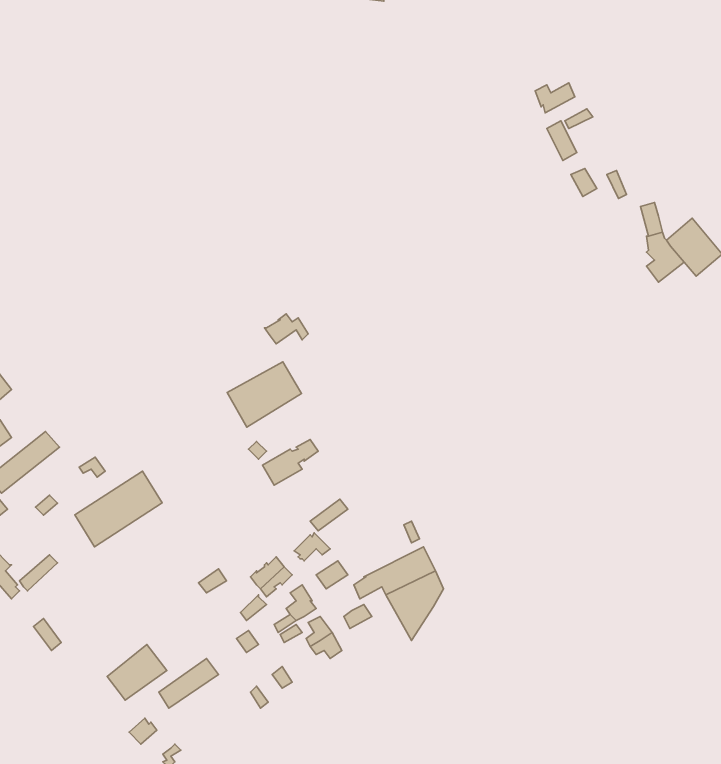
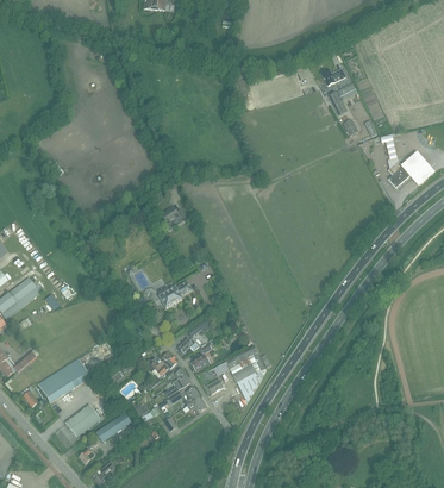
building: [227,362,301,427] -> none
building: [75,471,162,547] -> [38,358,90,403]

